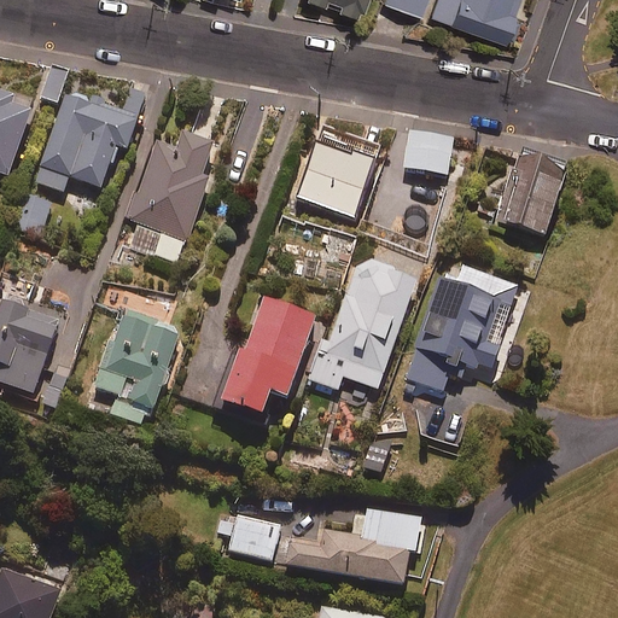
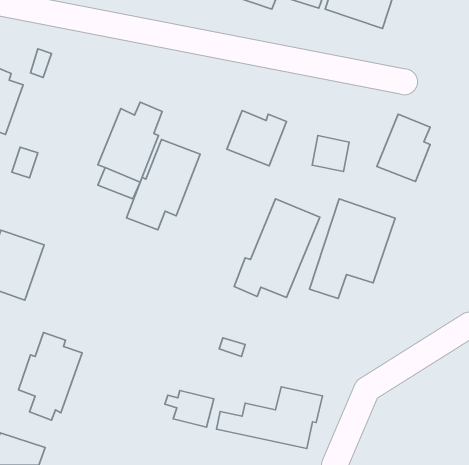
building: [35,84,146,190] -> none
building: [403,127,451,174] -> [312,136,349,172]
building: [221,303,317,421] -> [126,139,200,230]
building: [95,310,179,425] -> [18,333,82,420]

